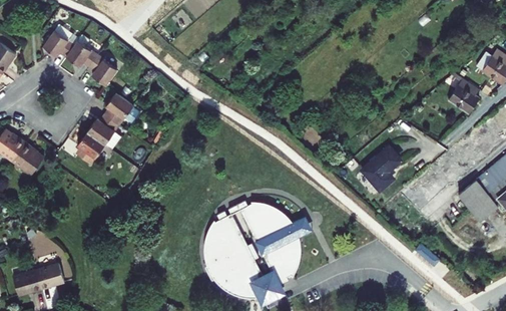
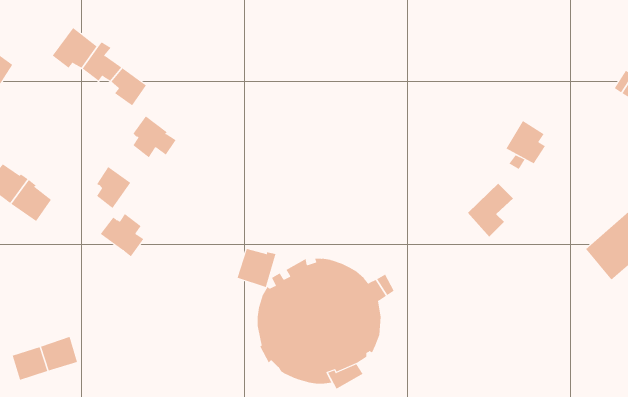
building: [450,82,481,116] -> [505,120,546,164]
building: [87,114,121,148] -> [100,213,144,257]
building: none -> [237,248,276,288]

